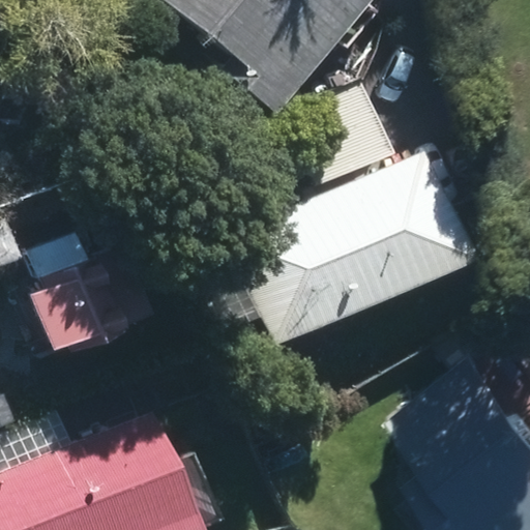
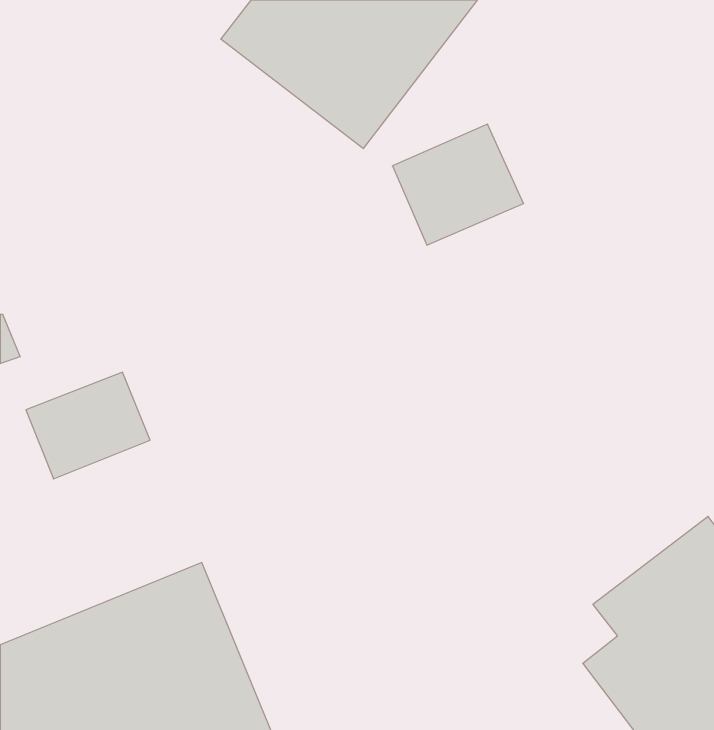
building: [239,164,472,340] -> none

